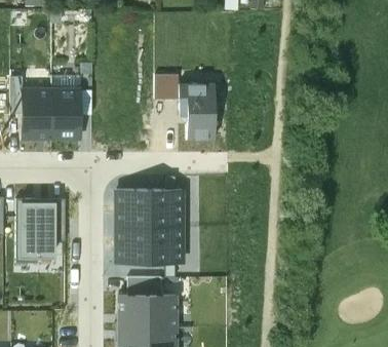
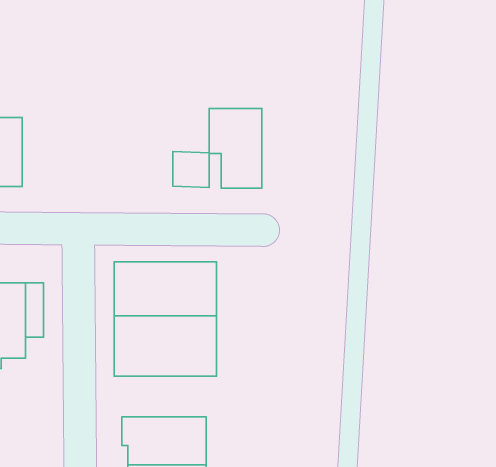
building: [154,74,179,99] -> [173,151,209,188]
building: [51,90,80,138] -> none
building: [127,277,162,295] -> none

